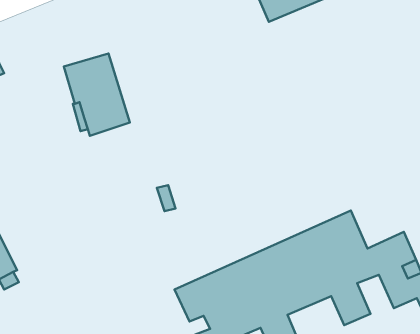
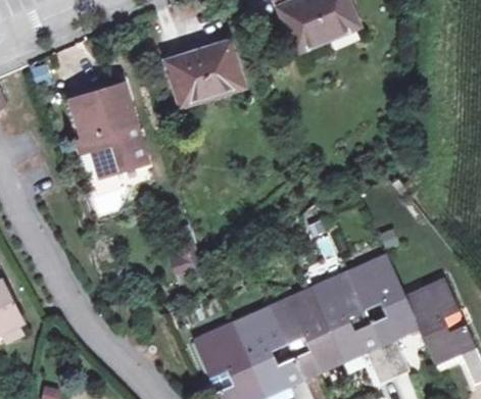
building: none -> [169,43,240,102]

